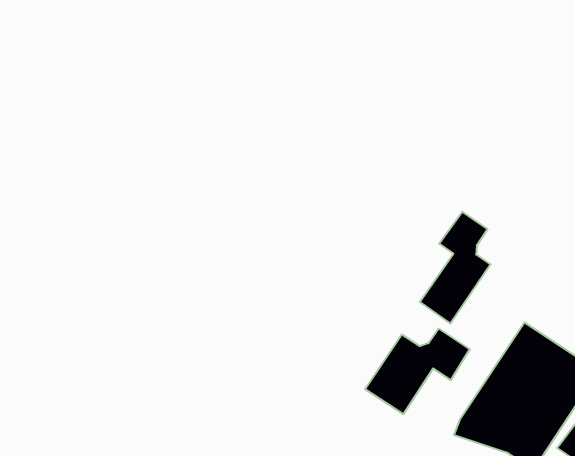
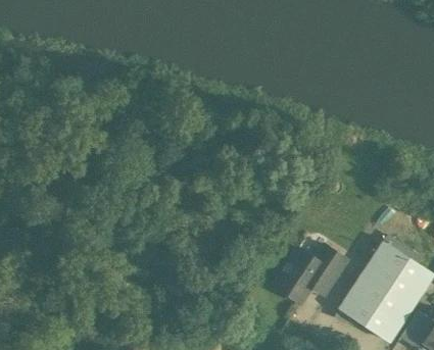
building: [420,212,491,324] -> none

